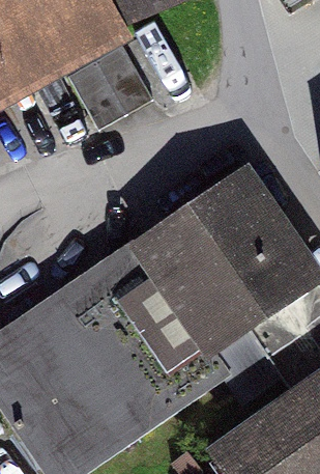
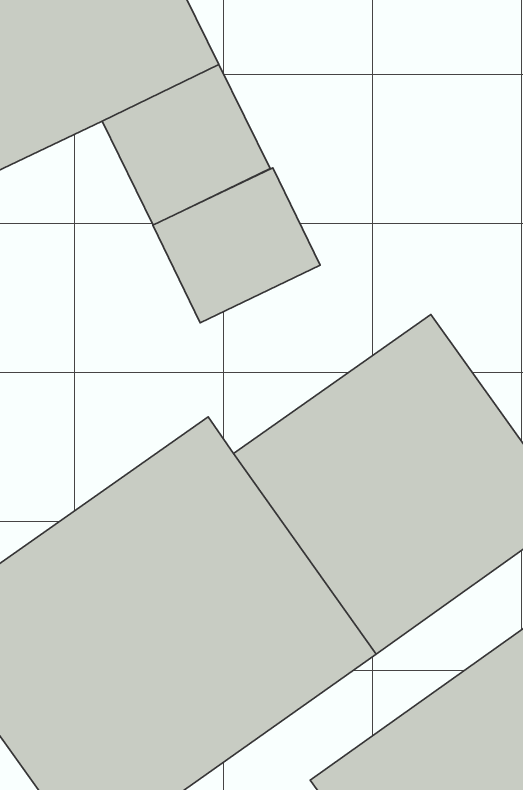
building: none -> [153,168,320,323]

